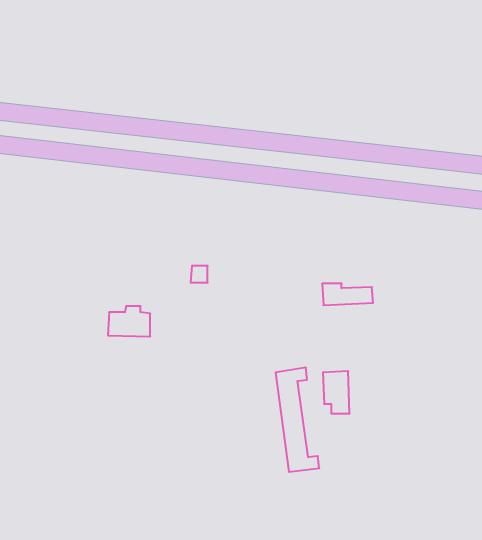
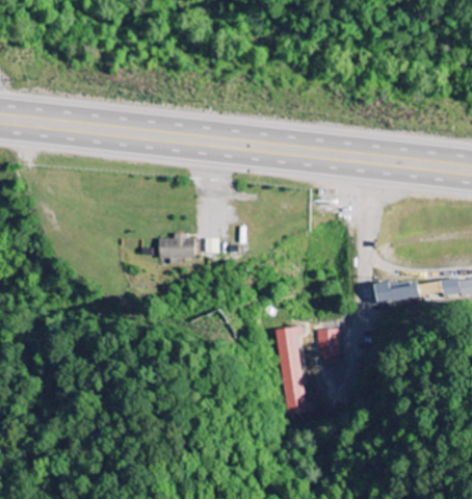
building: [322,283,373,305] -> [375,283,419,301]
building: [108,306,150,337] -> [159,233,195,259]

